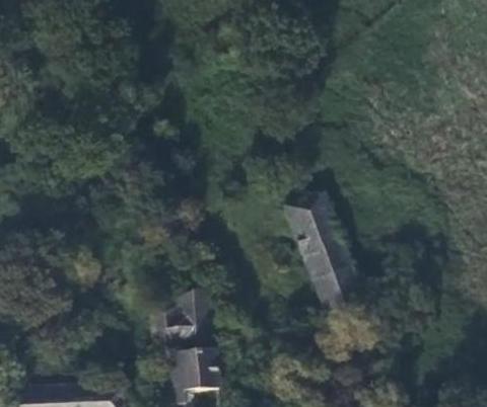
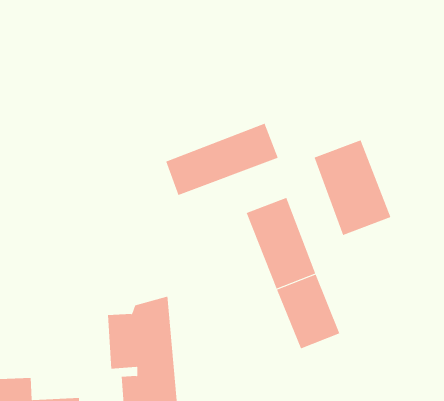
building: none -> [165,123,278,196]
building: none -> [314,139,391,236]

